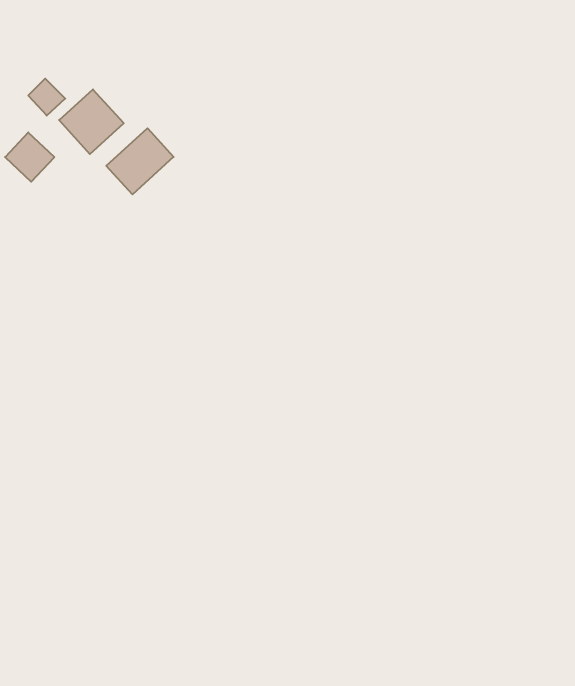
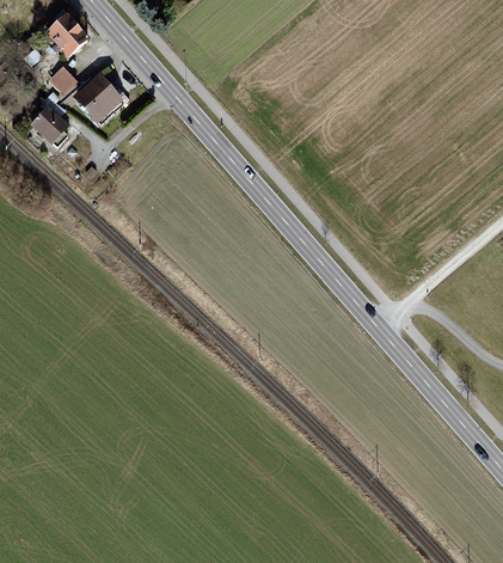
building: none -> [45,12,90,56]
building: [106,128,174,194] -> none

